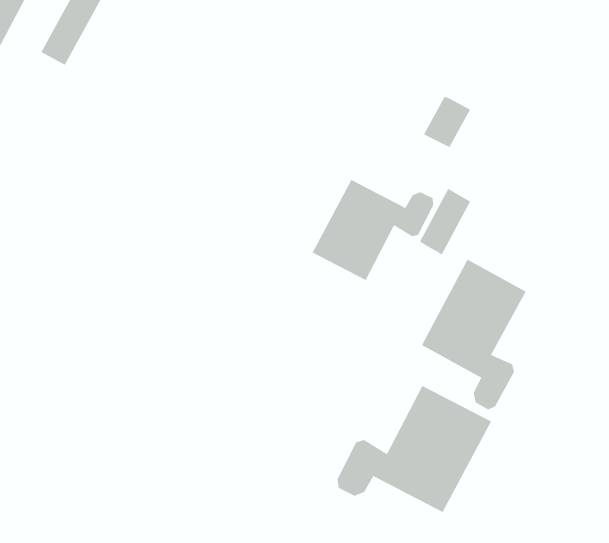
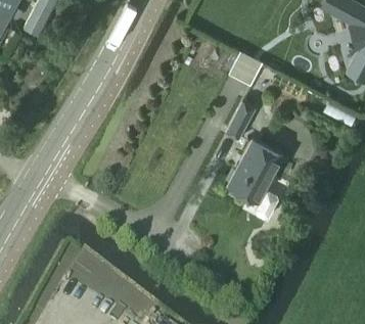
building: [312,179,434,281] -> none
building: [337,385,492,513] -> none

